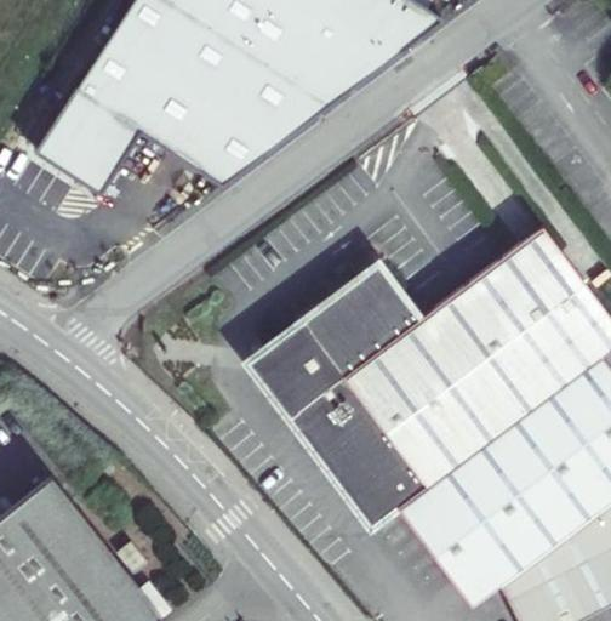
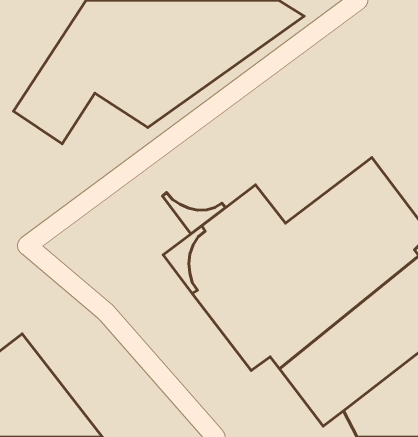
building: none -> [162,193,226,234]

